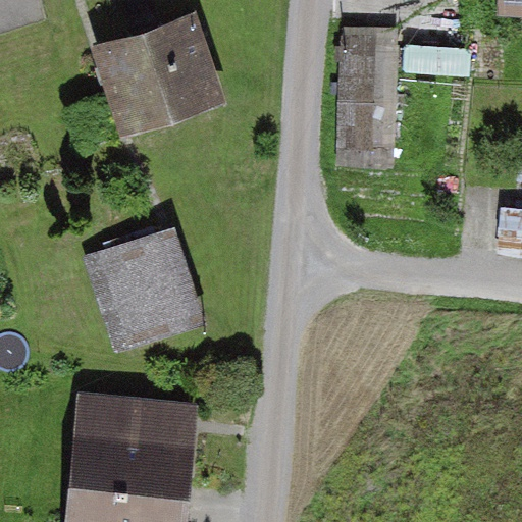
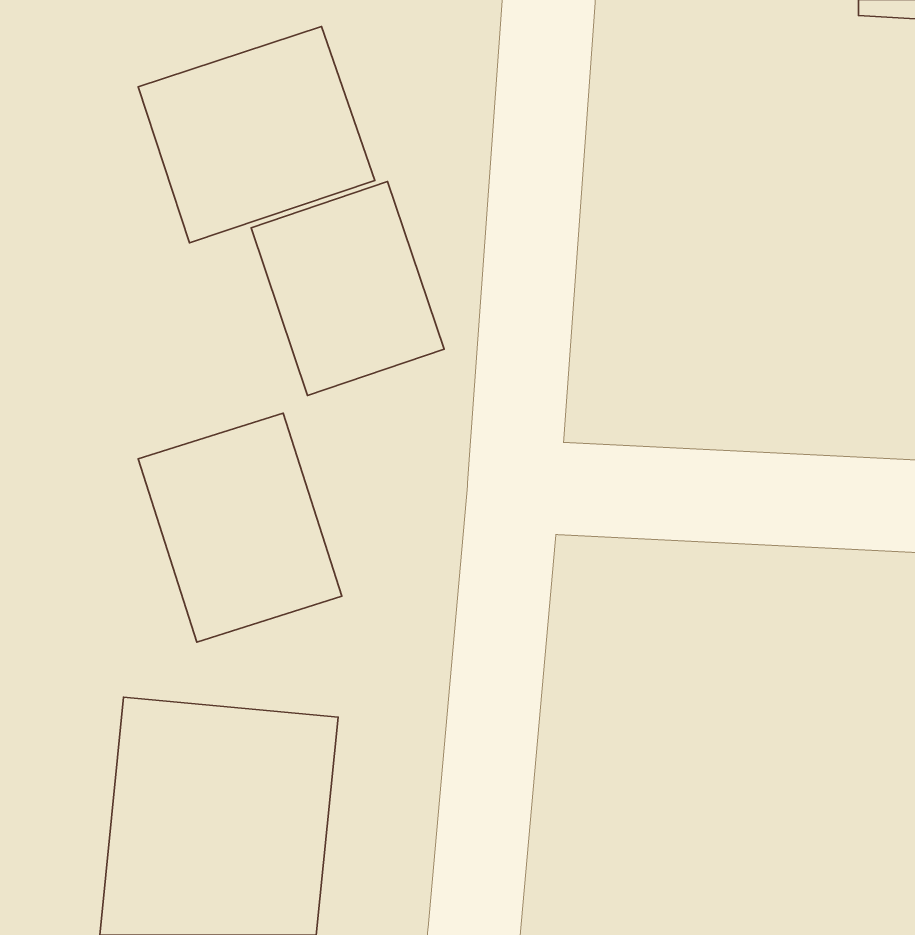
building: [344,24,408,160] -> none
building: none -> [251,181,444,395]

